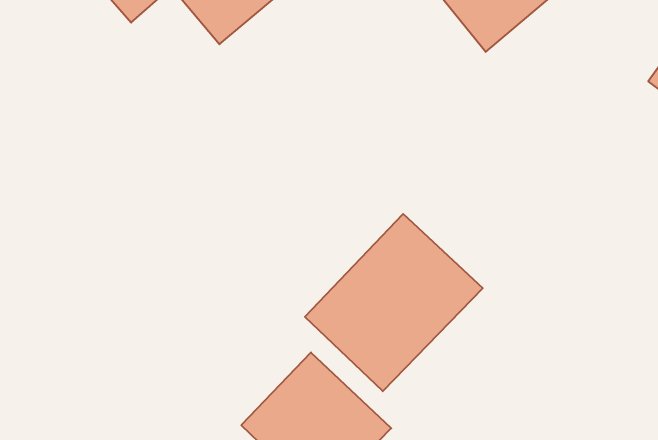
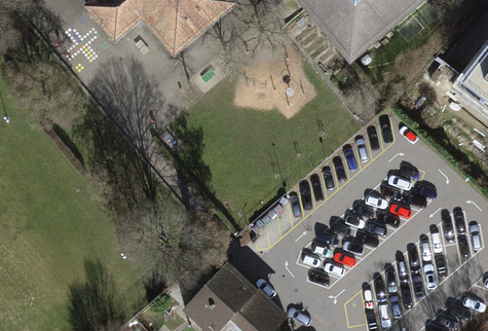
building: [305,214,483,391] -> none

